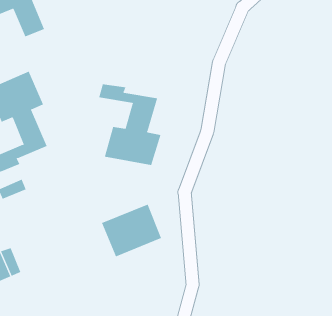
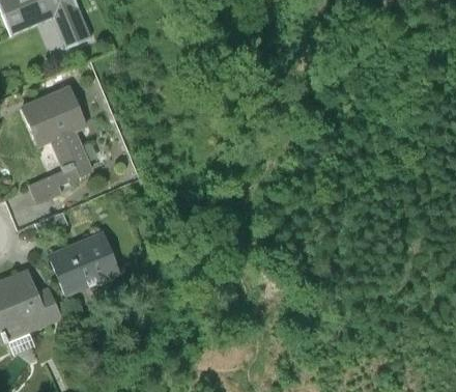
building: [98,83,161,166] -> none
building: [101,204,162,257] -> [50,232,119,293]

